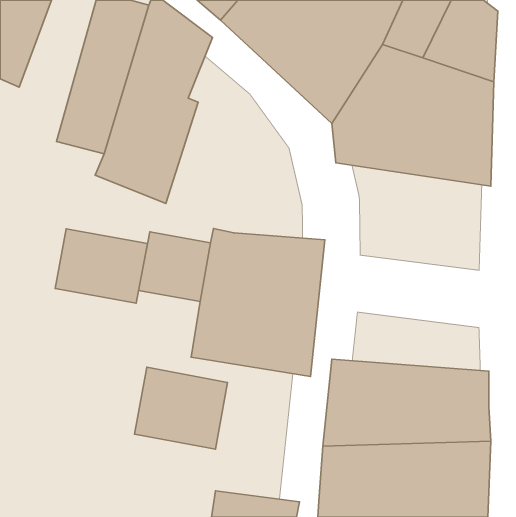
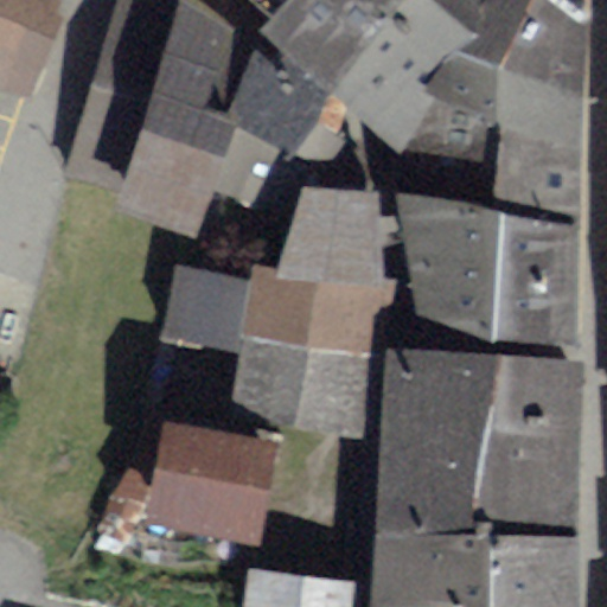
building: none -> [210,44,322,213]
building: none -> [275,190,382,281]
building: none -> [395,191,576,346]
building: [55,229,147,303] -> none
building: none -> [390,341,577,435]

